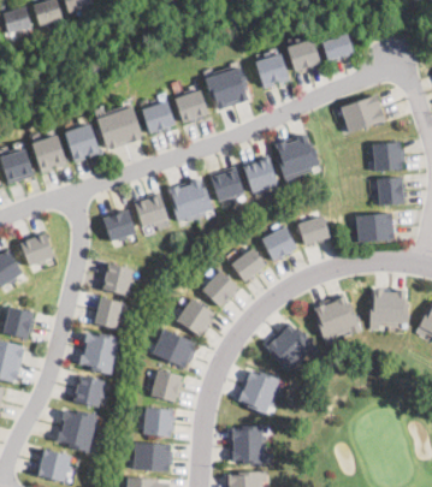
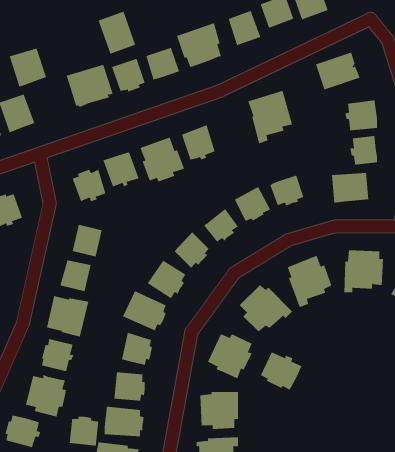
building: none -> [98,11,136,55]
building: [64,125,101,164] -> [9,48,47,87]
building: [243,155,279,194] -> none
building: none -> [260,352,302,391]
building: none -> [69,416,99,446]

